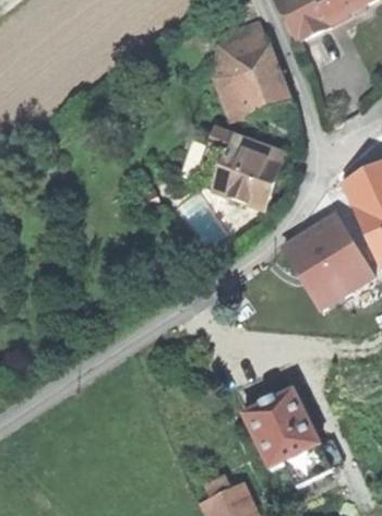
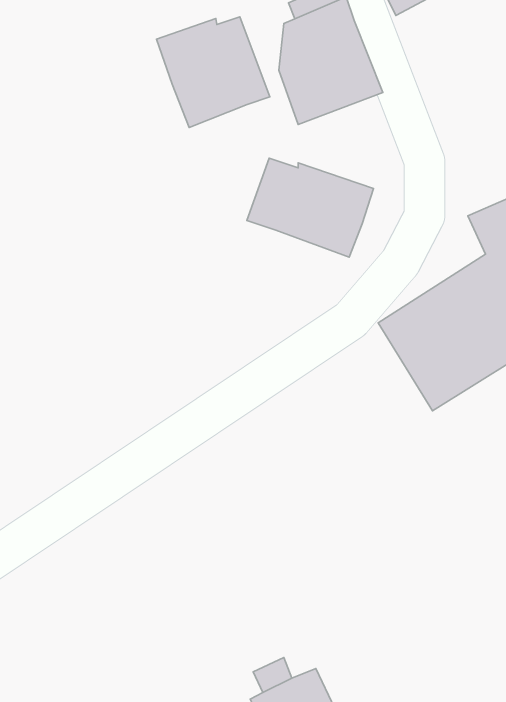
building: none -> [156,17,270,127]
building: [242,389,331,487] -> none

